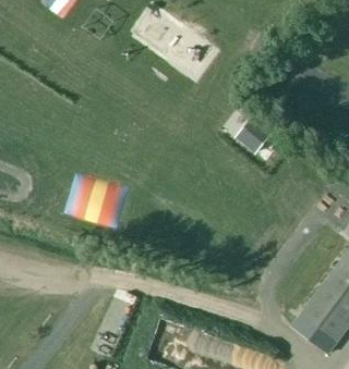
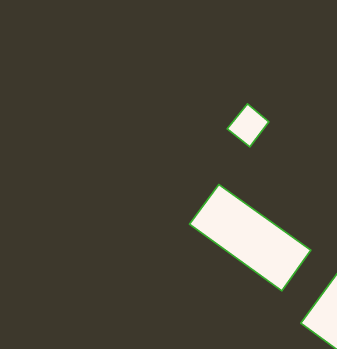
building: none -> [190,184,311,291]

